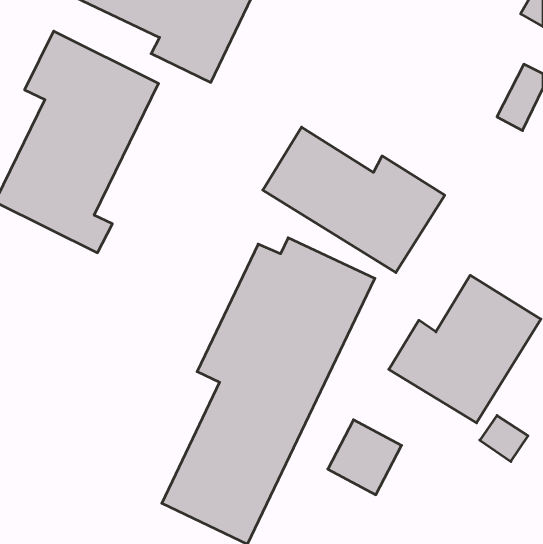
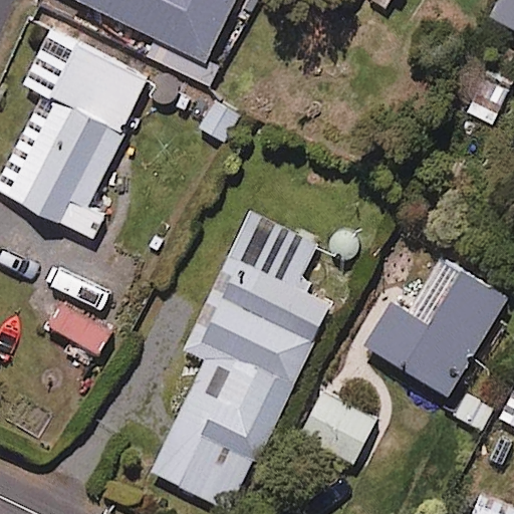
building: [263,127,445,273] -> none

